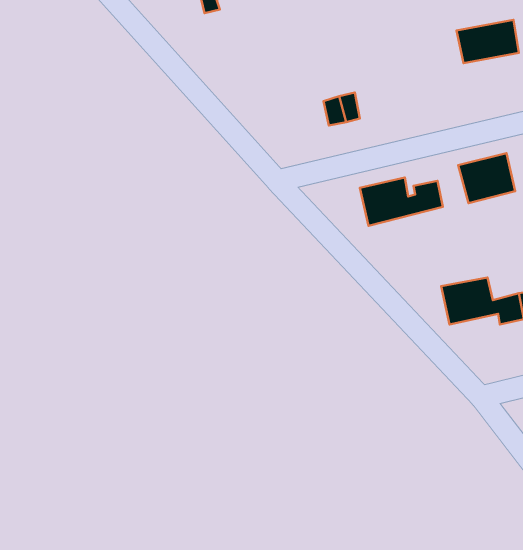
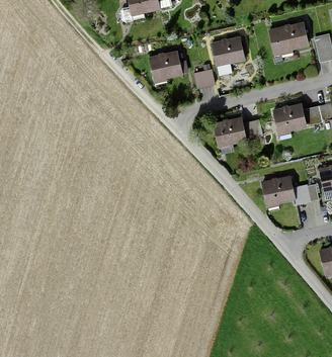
building: none -> [213,41,242,65]
building: none -> [152,56,179,77]

